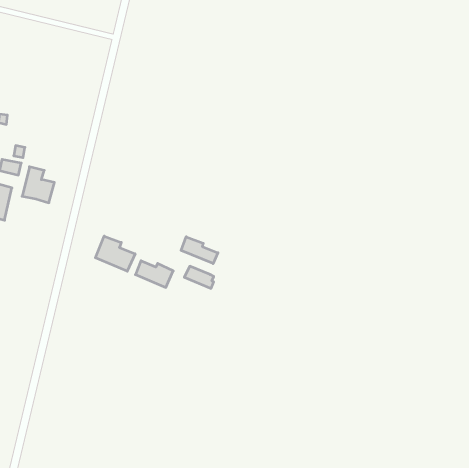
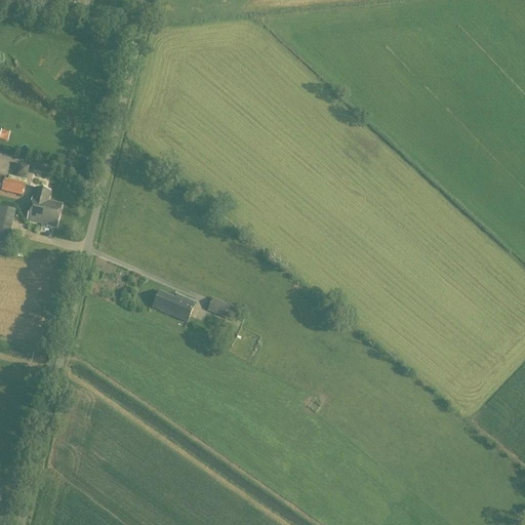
building: [95,236,135,271] -> none
building: [181,237,218,264] -> none

